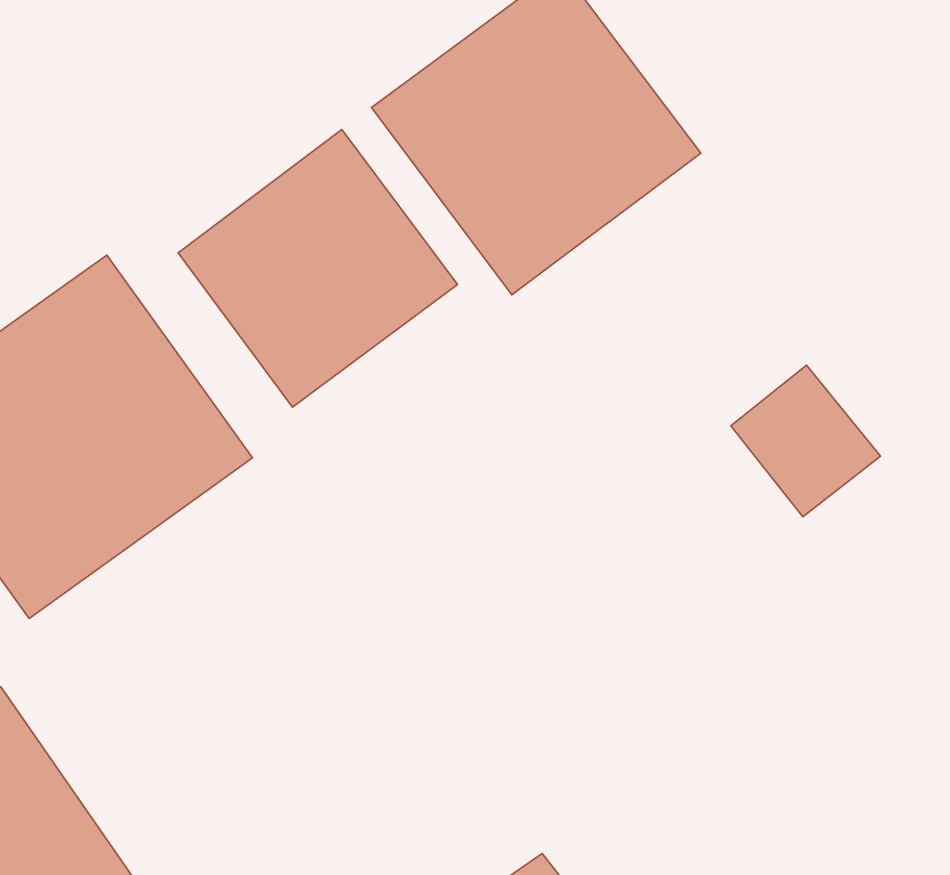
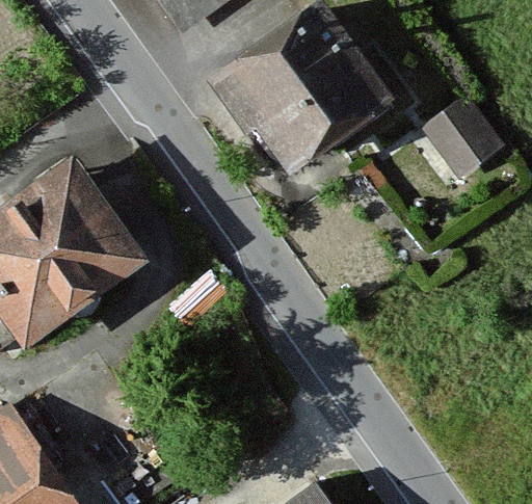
building: [178,130,457,407] -> none
building: [731,365,880,517] -> [425,95,507,178]

